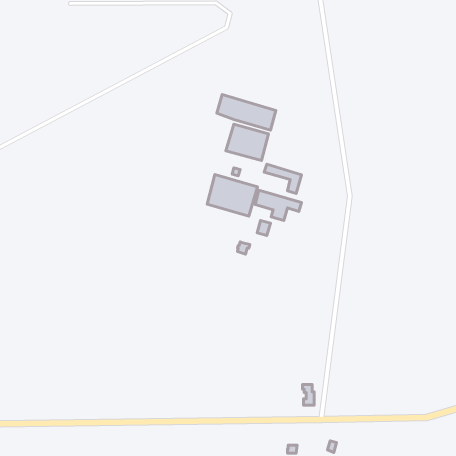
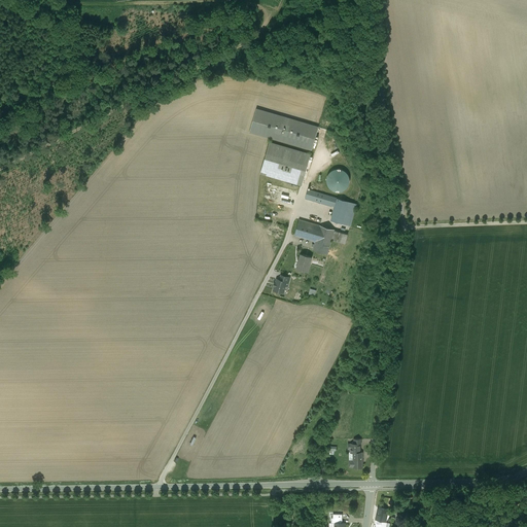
building: none -> [326,169,350,192]
building: [207,175,258,216] -> none

